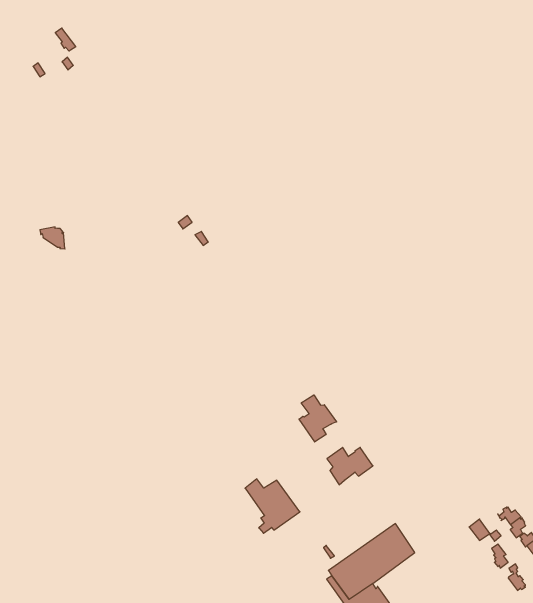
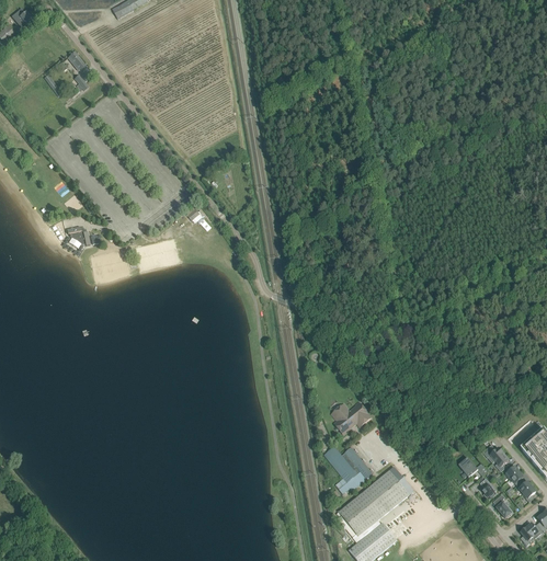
building: [299,395,337,442] -> none
building: [245,479,300,533] -> [324,446,374,493]

